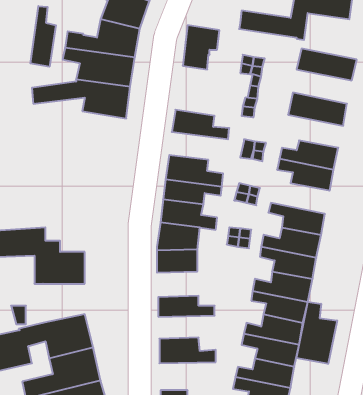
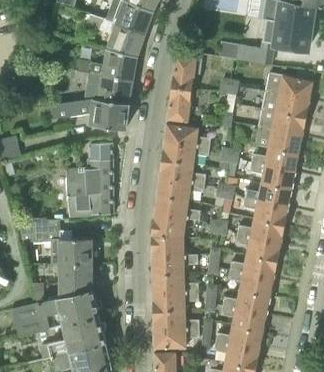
building: [30,6,56,67] -> none
building: none -> [167,87,192,121]
building: none -> [262,90,310,118]
building: none -> [254,127,303,154]
building: none -> [161,141,209,164]
building: none -> [66,143,113,216]
building: none -> [244,183,292,208]
building: none -> [151,255,197,276]
building: none -> [58,265,92,297]
building: [296,302,337,364] -> none
building: none -> [152,291,198,310]
building: none -> [153,329,199,349]

